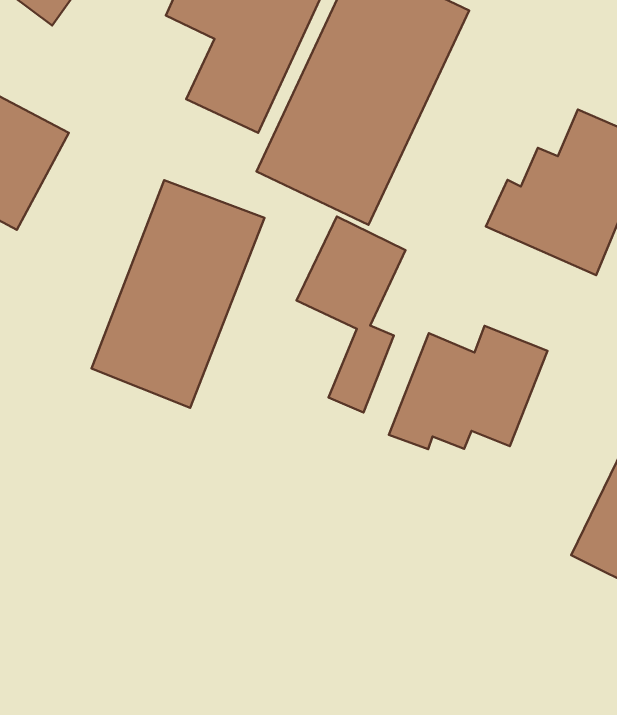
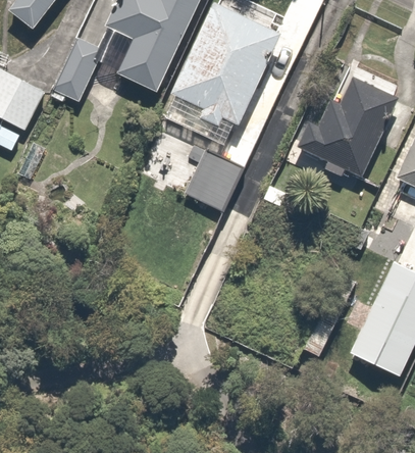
building: none -> [54,33,106,101]
building: [91,180,264,408] -> none
building: [389,326,548,449] -> none

